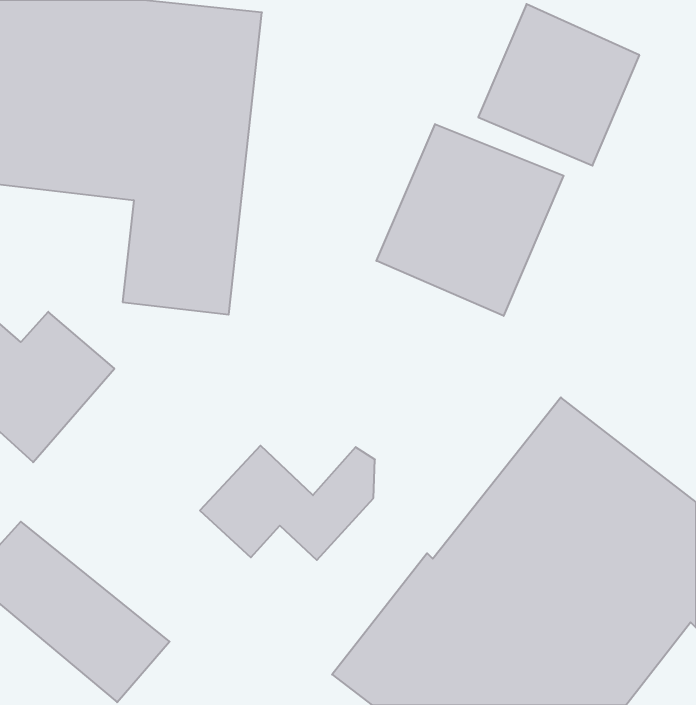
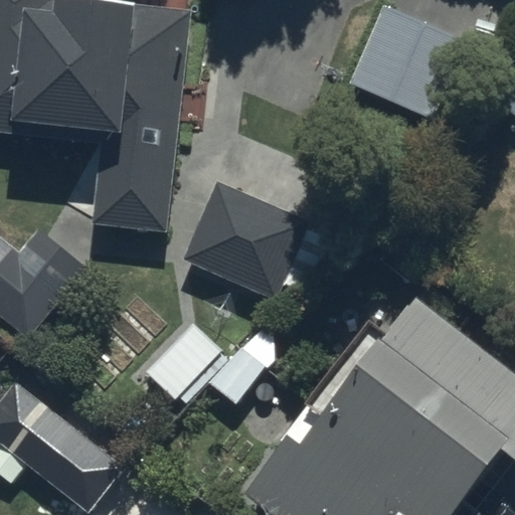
building: [376,124,564,316] -> none
building: none -> [179,183,334,306]

